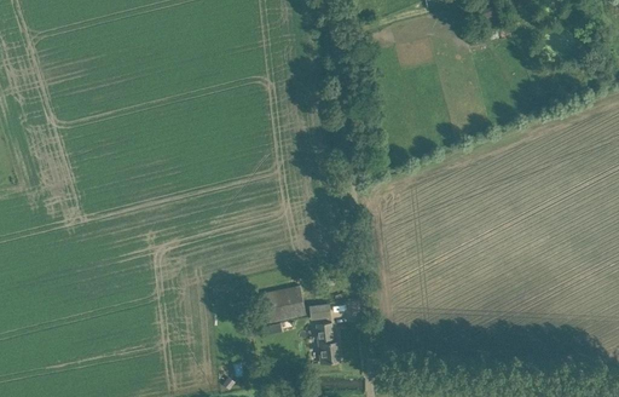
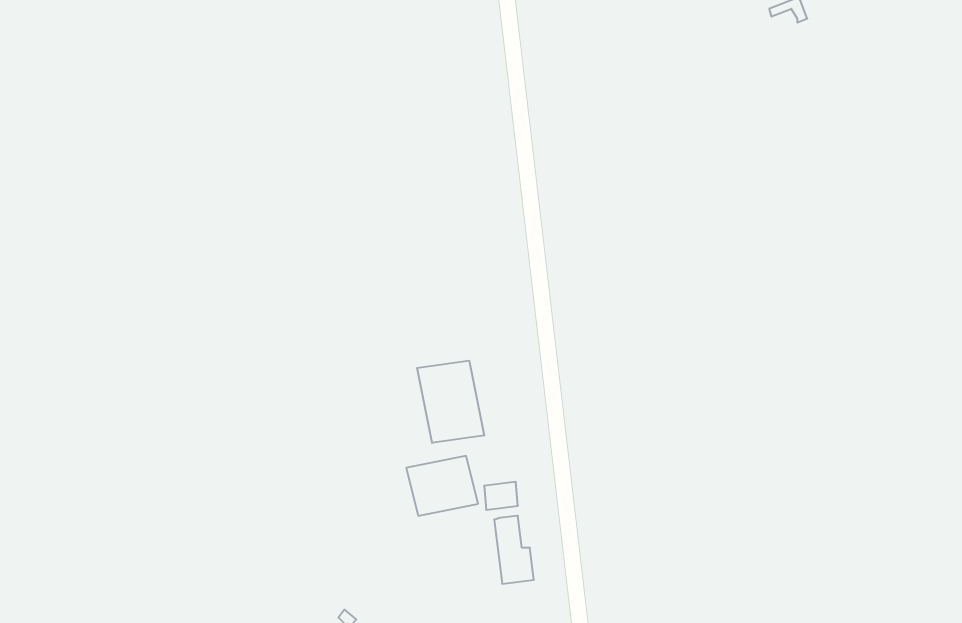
building: none -> [417,361,484,443]

